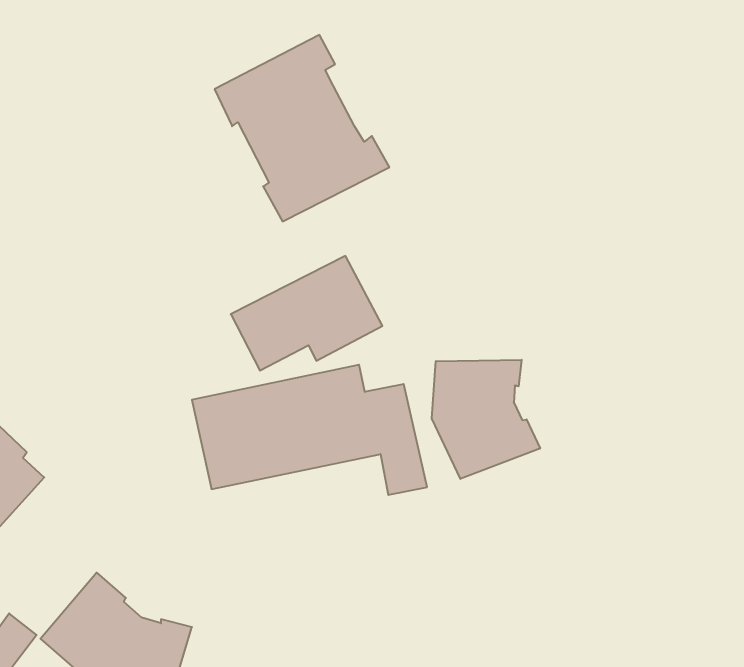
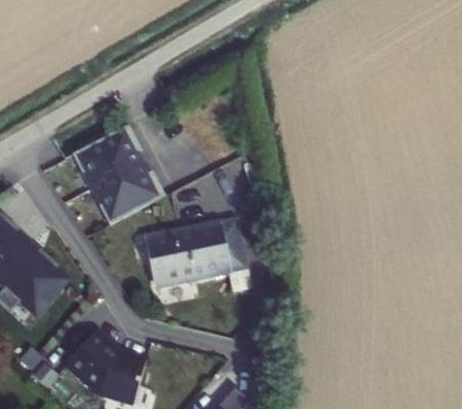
building: [215,35,389,221] -> [71,126,164,225]
building: [432,360,540,479] -> none

